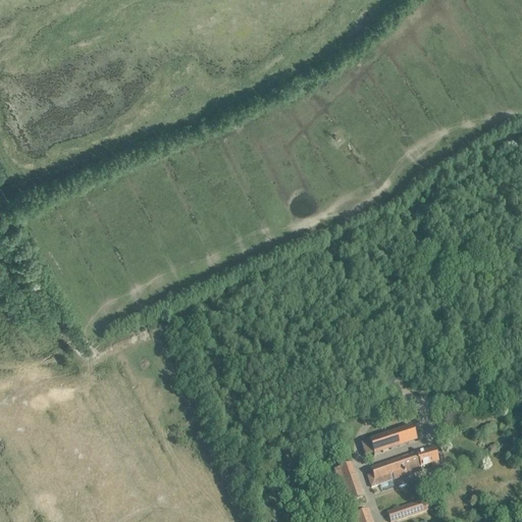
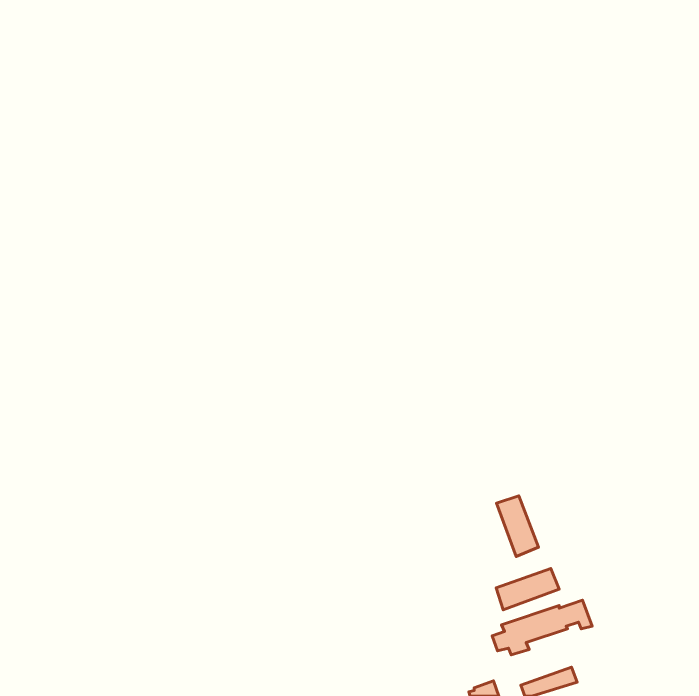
building: none -> [497,496,538,557]
building: [334,460,365,503] -> none

